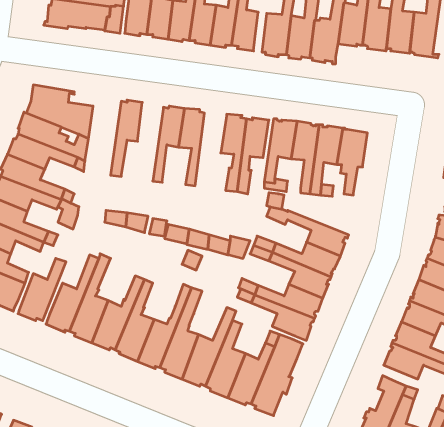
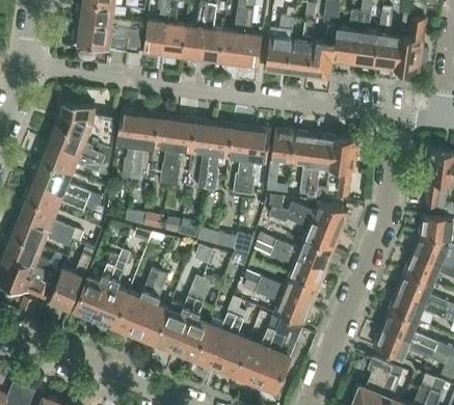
building: none -> [116,110,140,180]
building: none -> [155,115,178,185]
building: none -> [206,124,234,191]
building: none -> [288,201,349,233]

